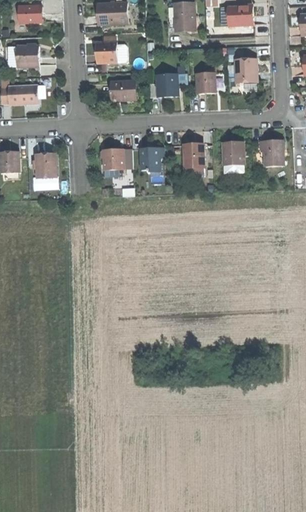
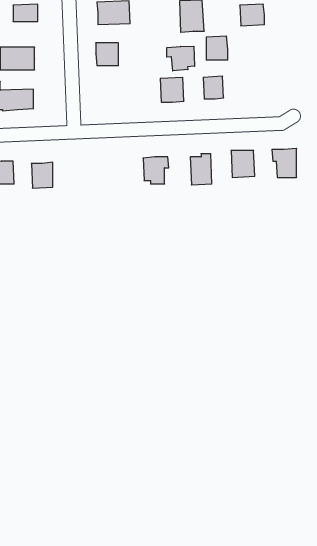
building: none -> [167,46,195,71]
building: [235,59,255,81] -> [206,36,228,60]
building: [109,79,133,101] -> none
building: [100,149,122,171] -> none

